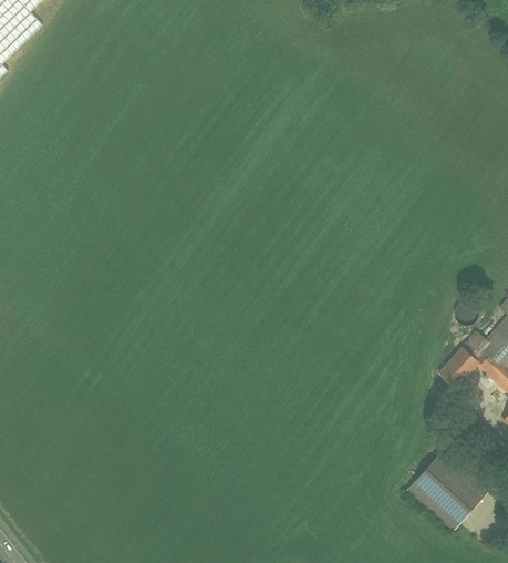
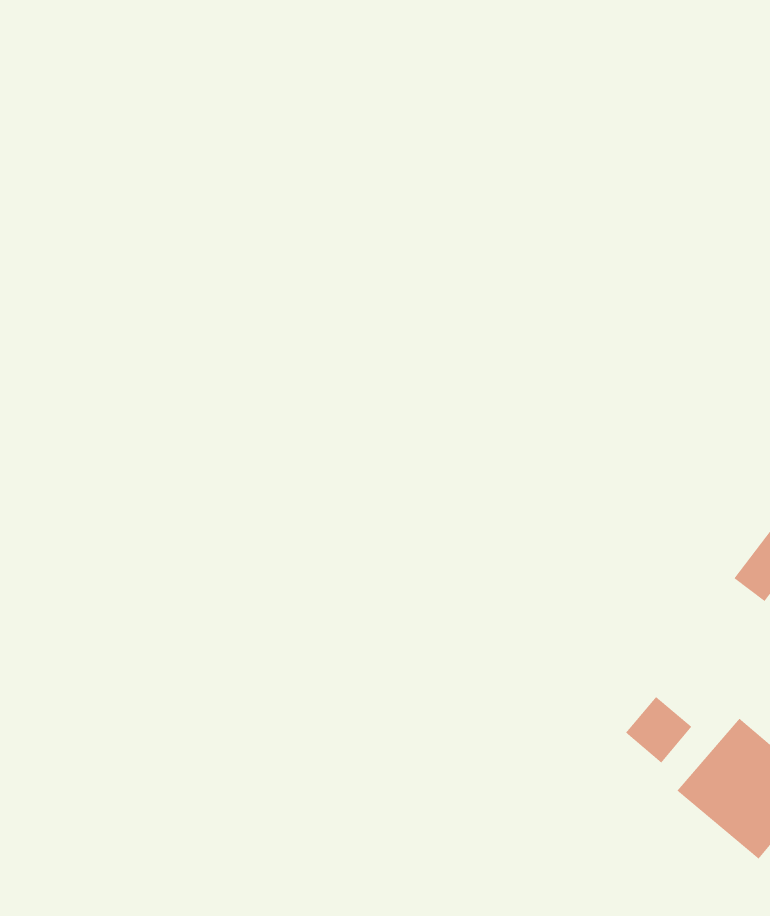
building: none -> [625,696,692,763]

